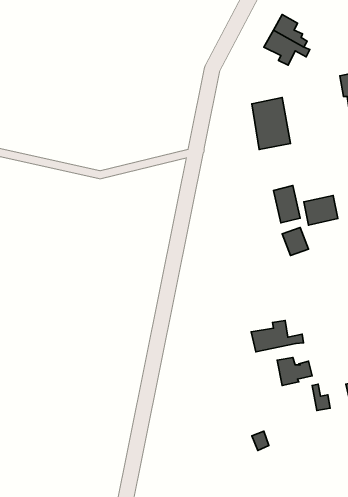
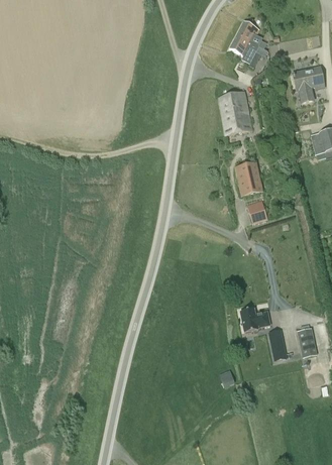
building: [304,195,338,225] -> none
building: [251,320,304,352] -> none

